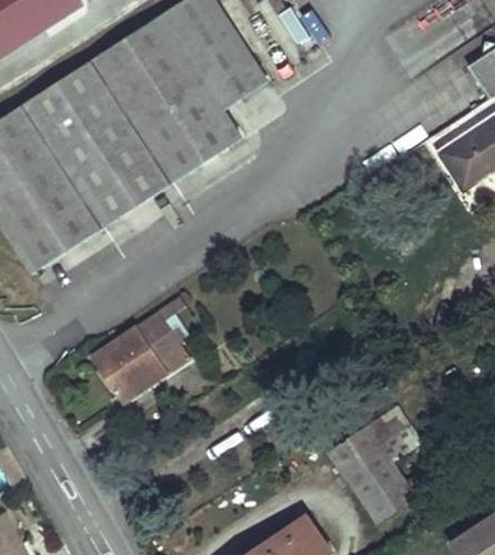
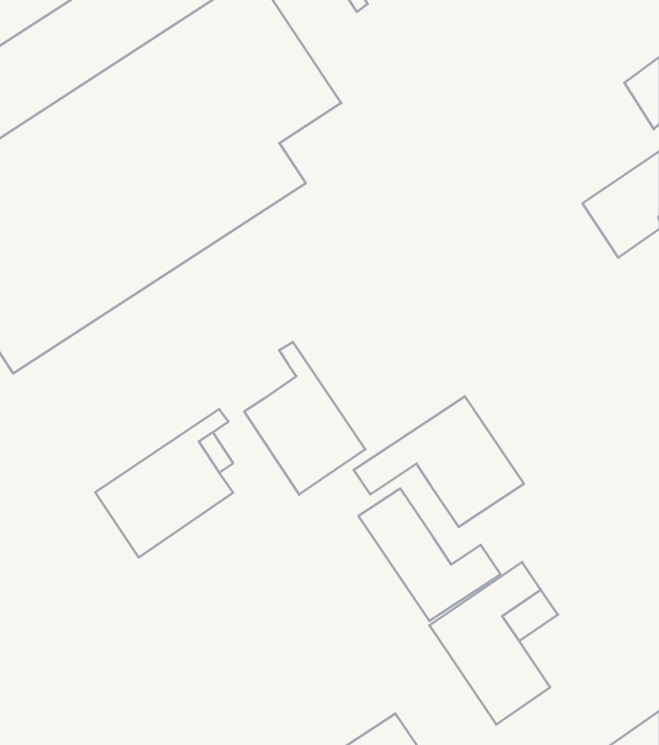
building: none -> [244,342,365,495]
building: none -> [354,396,524,527]
building: none -> [359,489,500,621]

